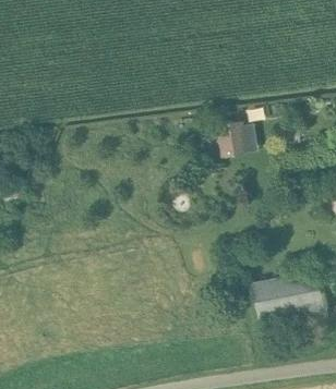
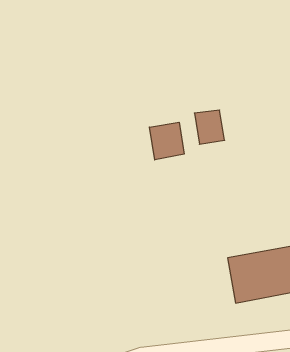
building: none -> [149,122,184,160]

